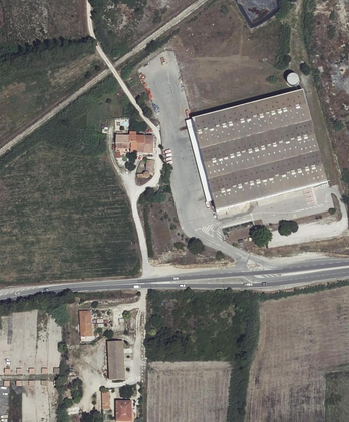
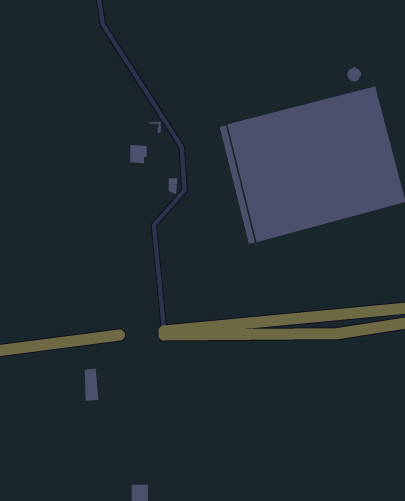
building: [129,134,152,152] -> none
building: [107,340,123,378] -> none

